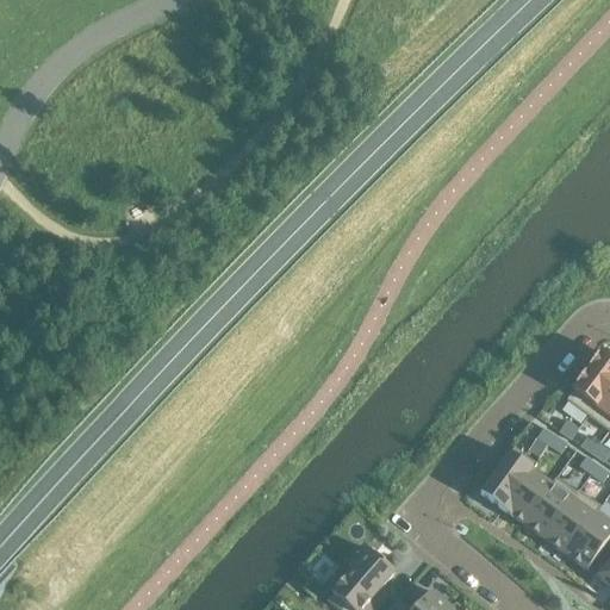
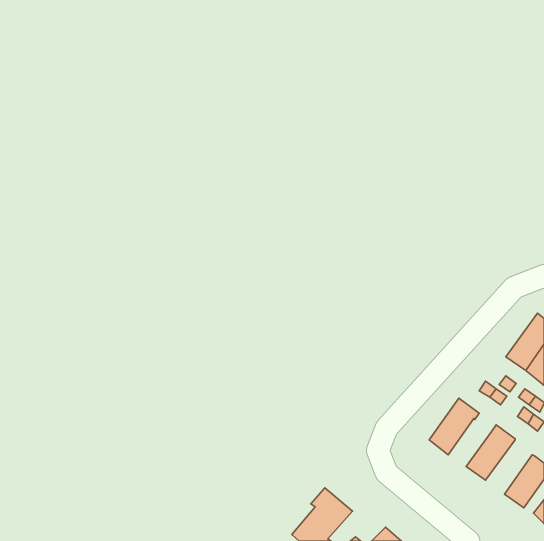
building: [502,468,550,522] -> none
building: [543,488,600,553] -> none

